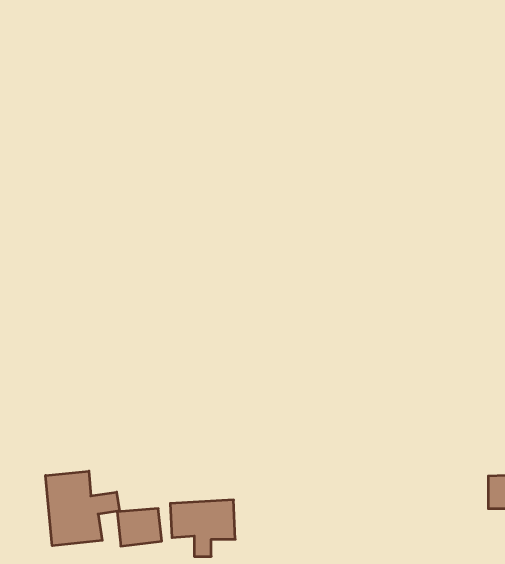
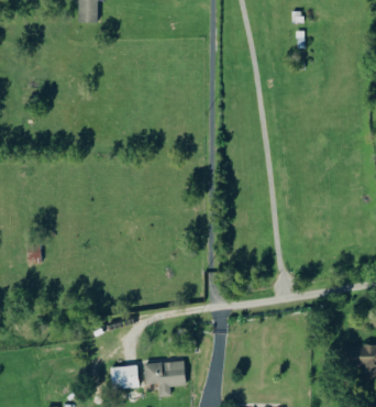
building: [46,471,120,546] -> none

